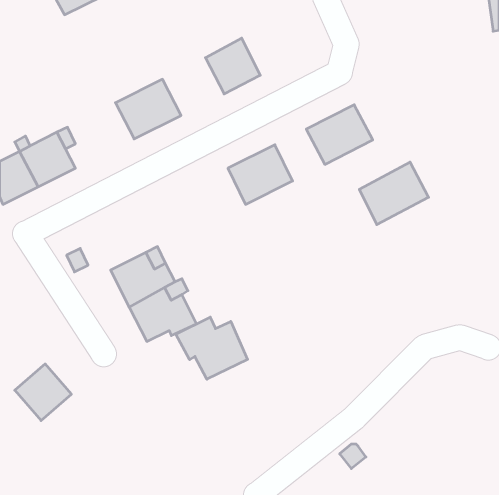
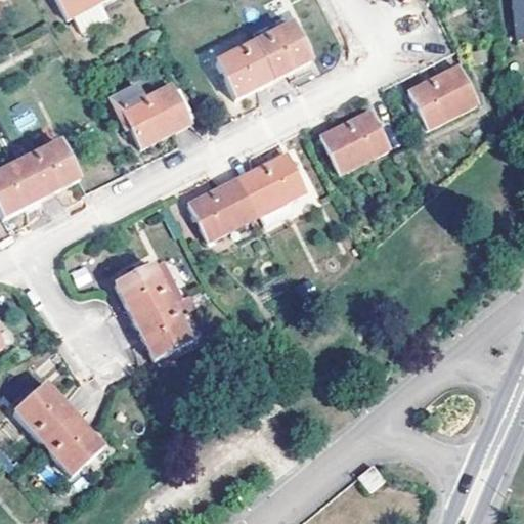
building: none -> [253,21,310,79]
building: [359,162,429,225] -> [409,61,482,127]
building: none -> [189,176,257,239]
building: [176,317,248,379] -> none
building: none -> [43,412,103,473]

